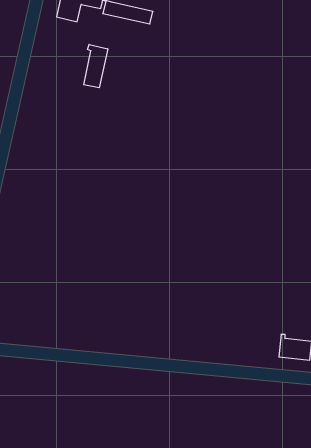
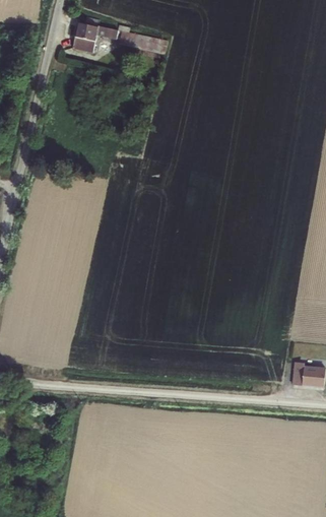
building: [84,44,108,88] -> none

